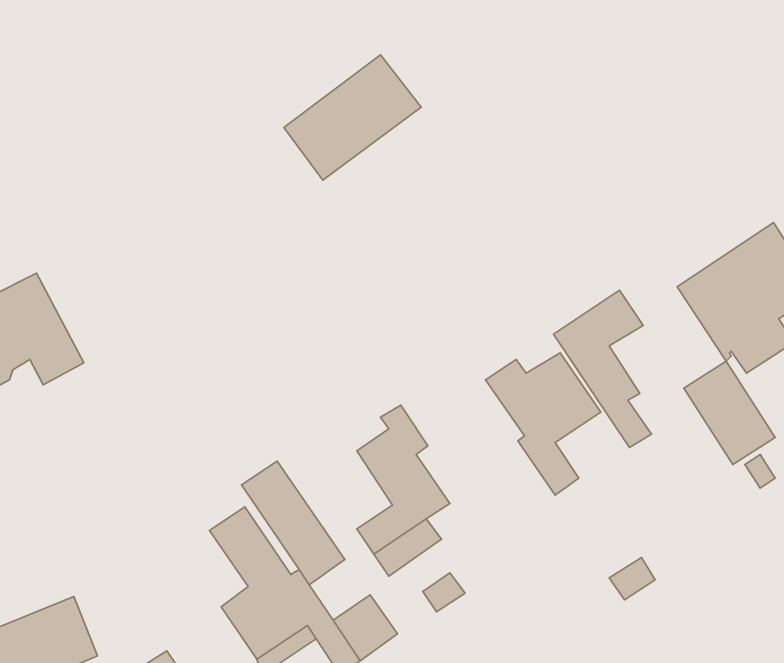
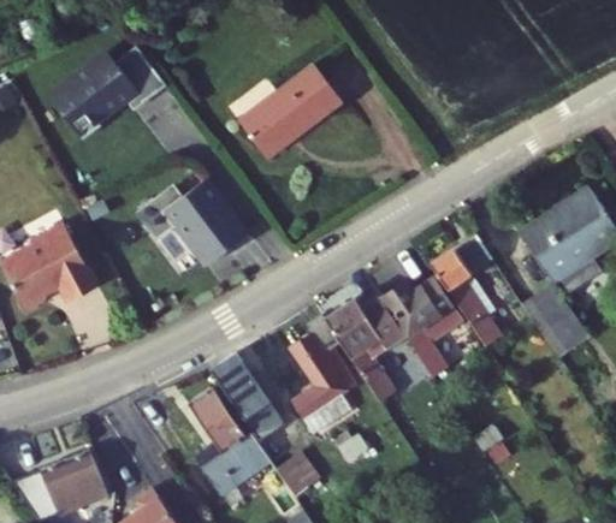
building: none -> [54,47,170,139]
building: none -> [140,178,249,260]
building: none -> [325,299,402,402]

